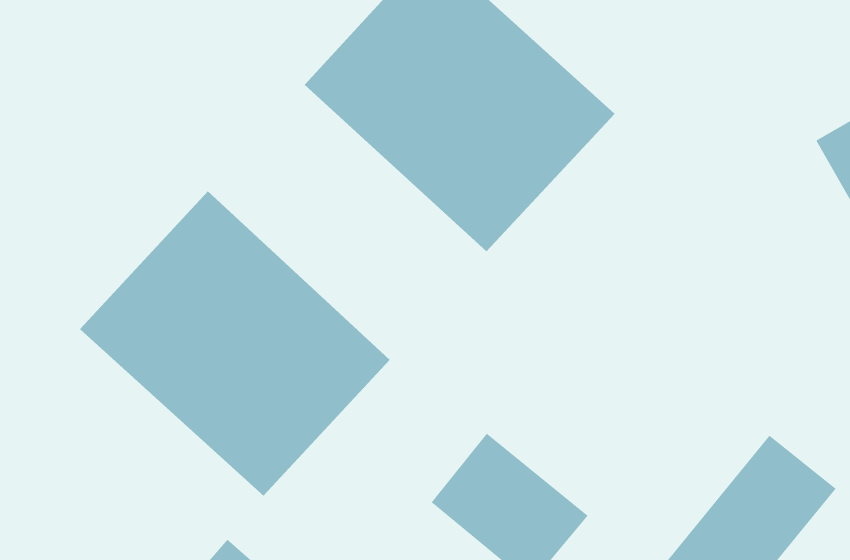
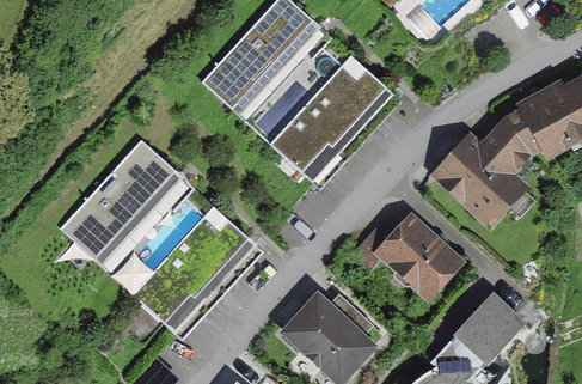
building: none -> [430,120,531,227]
building: none -> [375,214,464,303]

